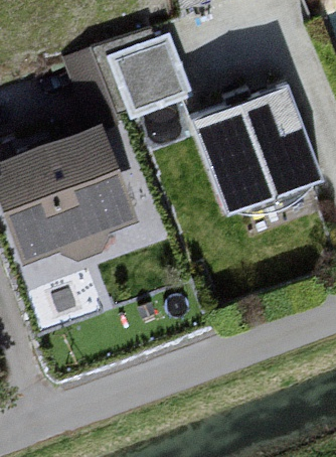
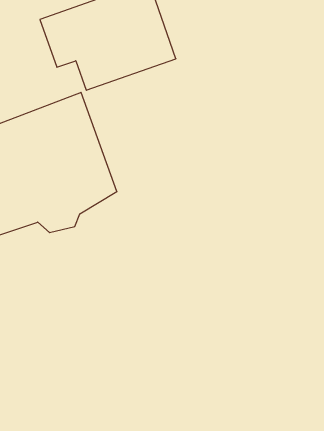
building: [186,86,313,213] -> none

